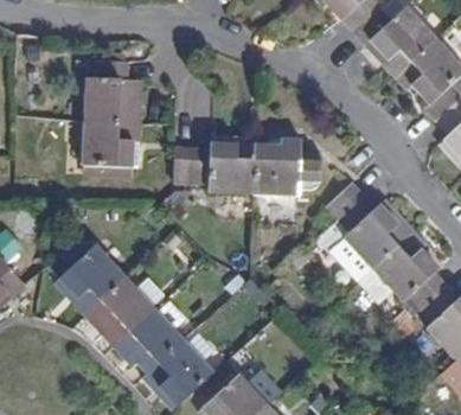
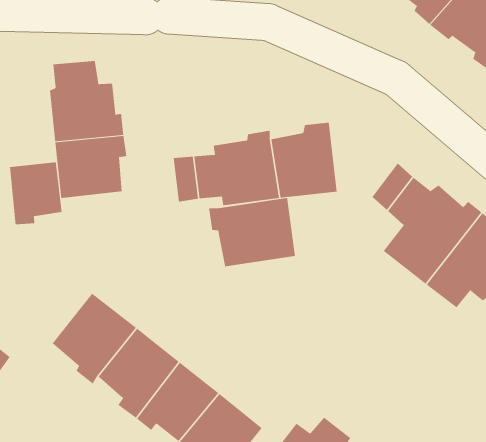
building: none -> [9,162,62,225]
building: none -> [208,197,296,267]

